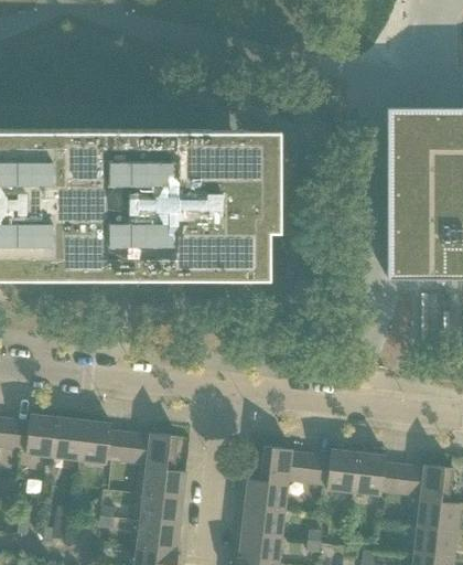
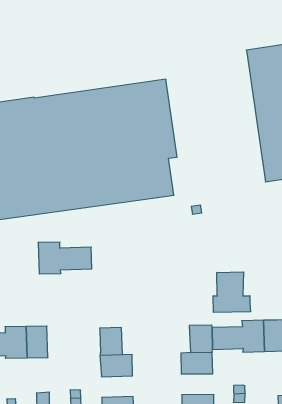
building: none -> [213,272,250,312]
building: [80,423,151,466] -> [38,242,92,274]
building: [141,497,184,527] -> none
building: [243,508,286,540] -> none

